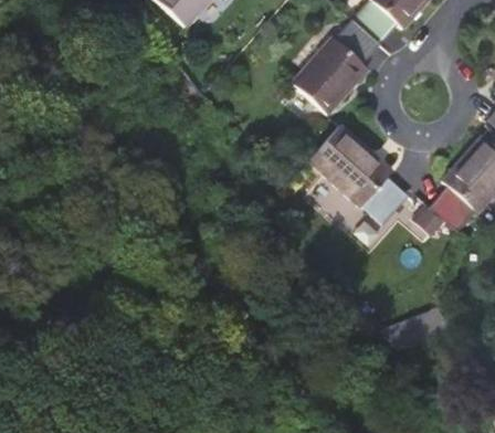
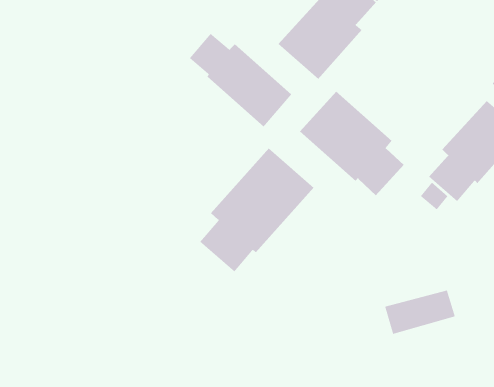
building: none -> [189,33,292,127]
building: none -> [199,148,314,272]

